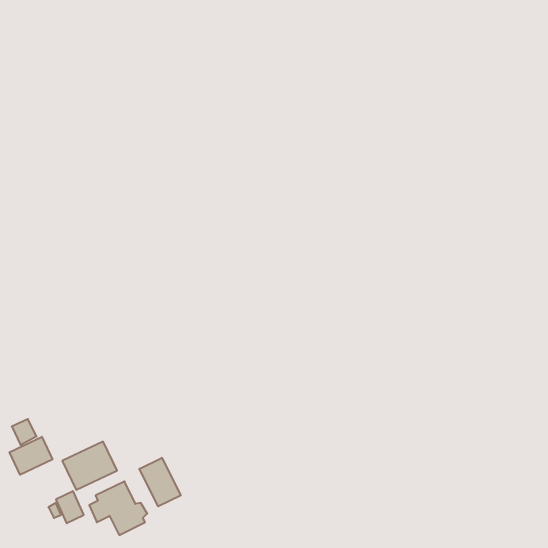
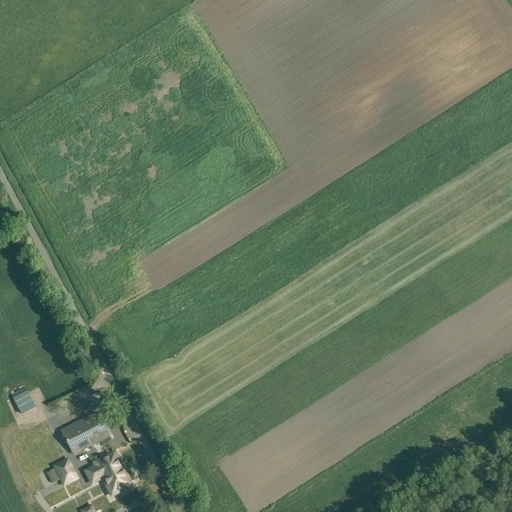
building: [10,437,52,475] -> none
building: [139,458,181,506] -> none

